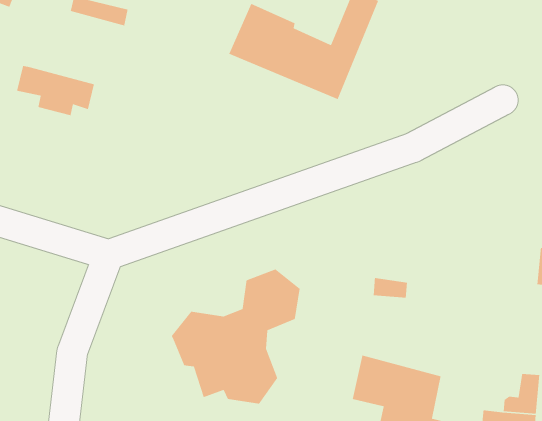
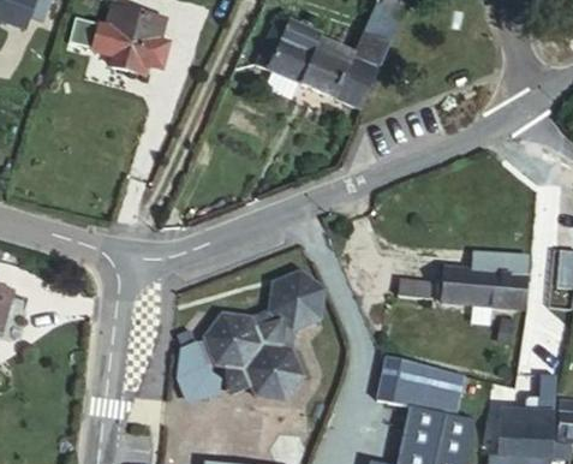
building: [16,65,95,116] -> [92,22,168,71]
building: none -> [440,254,531,309]
building: none -> [179,338,221,399]

